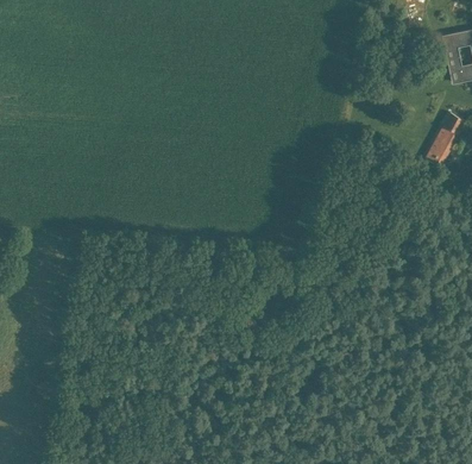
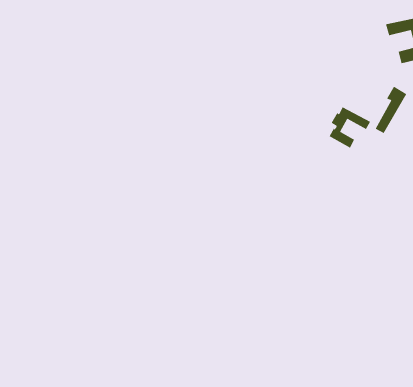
building: none -> [329,107,371,148]

